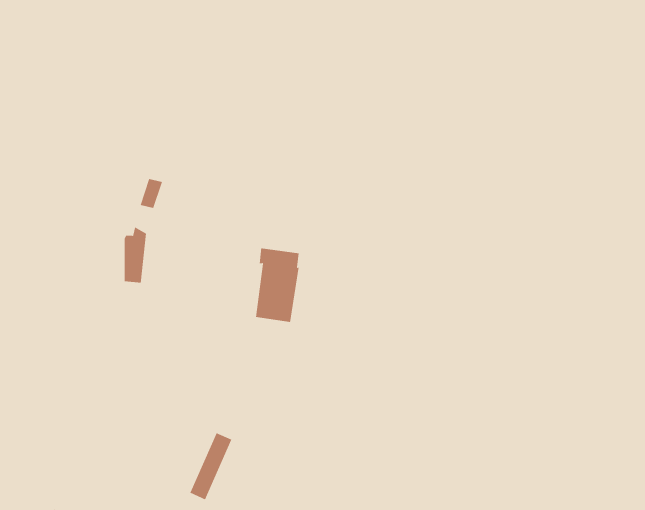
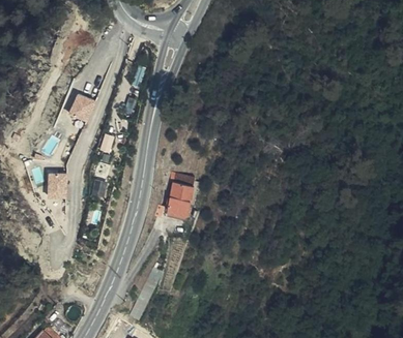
building: none -> [69,94,95,121]
building: none -> [48,173,66,197]

